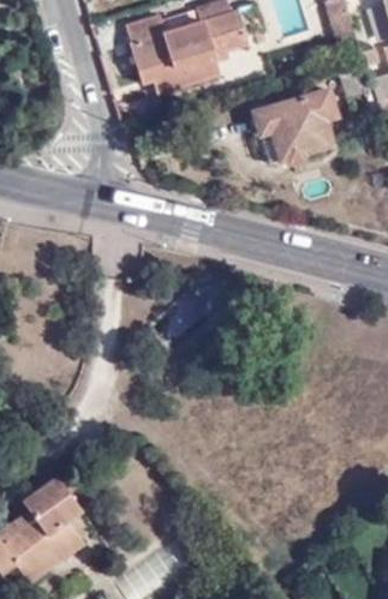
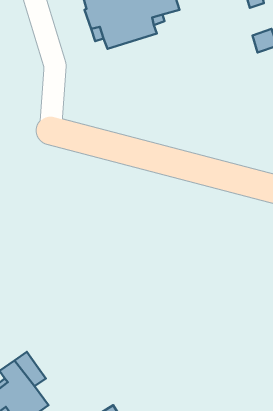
building: [253,90,339,161] -> none

